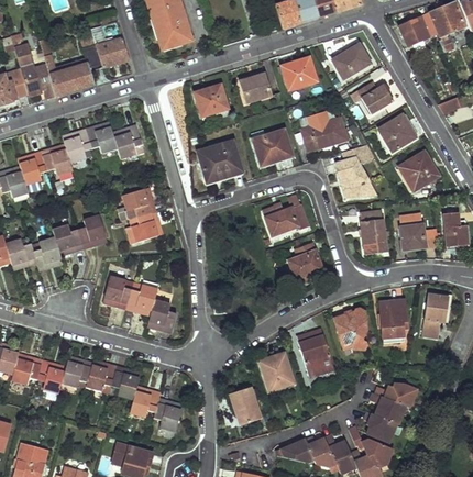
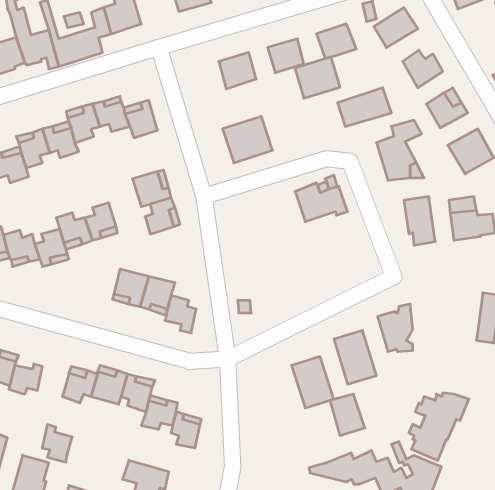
building: [253,129,293,165] -> [295,57,340,98]
building: [289,238,322,276] -> none
building: [380,300,406,344] -> none
building: [36,360,63,393] -> [42,425,72,462]
building: [231,387,262,423] -> [330,394,365,435]

